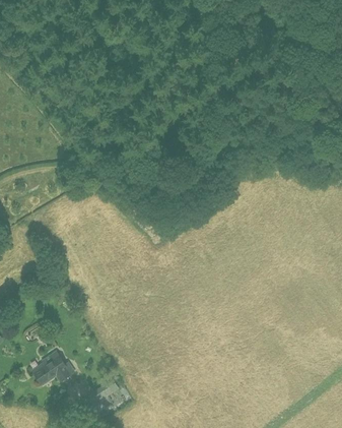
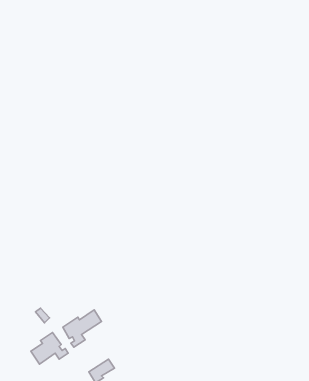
building: none -> [63,310,102,347]

